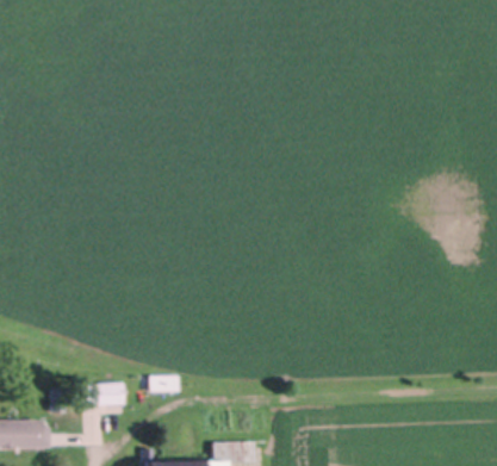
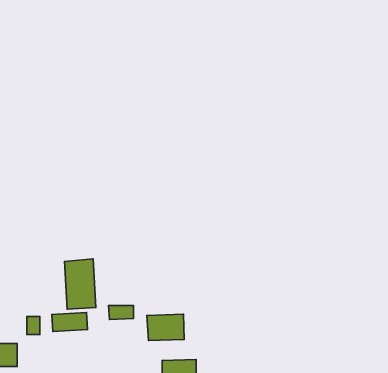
building: none -> [64,259,96,309]
building: none -> [147,314,184,341]

